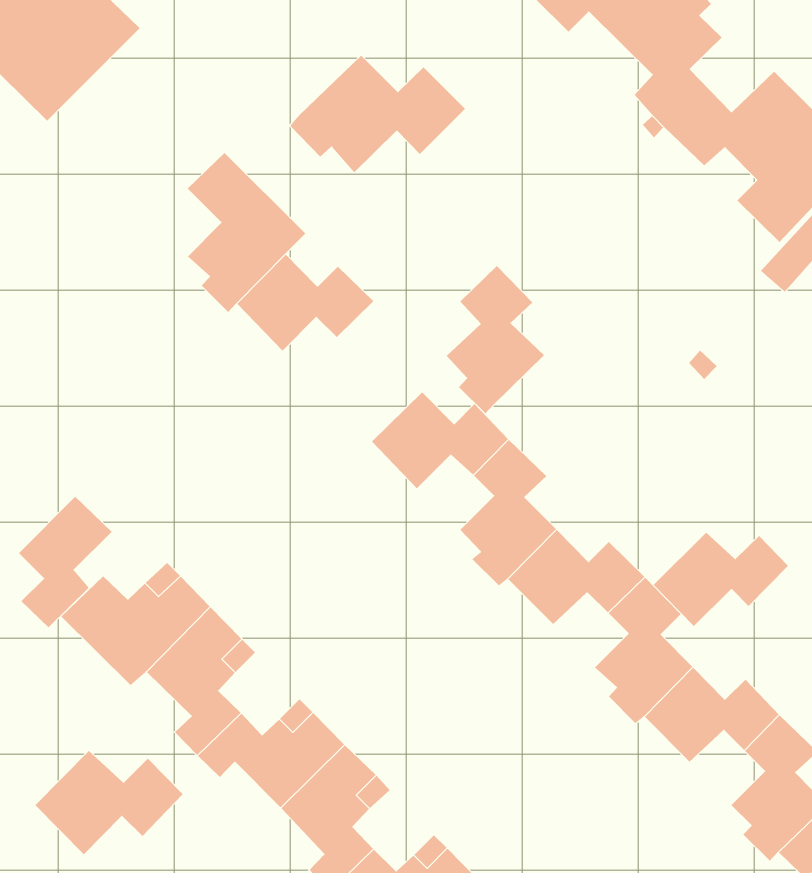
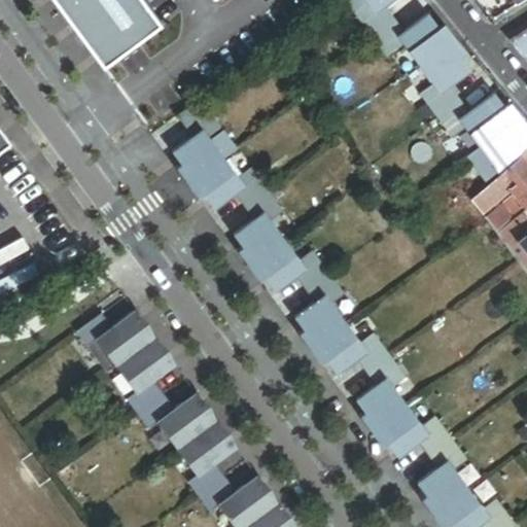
building: [290,55,466,173] -> none
building: [446,265,545,414] -> [233,188,285,267]
building: [18,496,113,628] -> none
building: [653,532,789,627] -> none
building: [34,750,184,855] -> none

